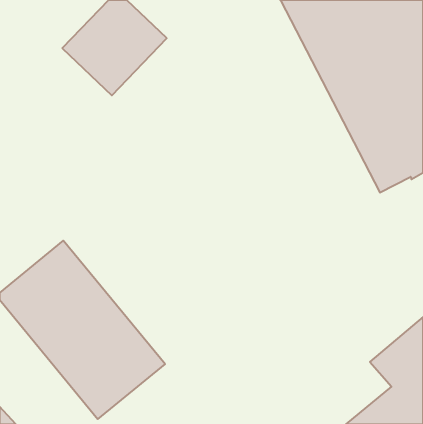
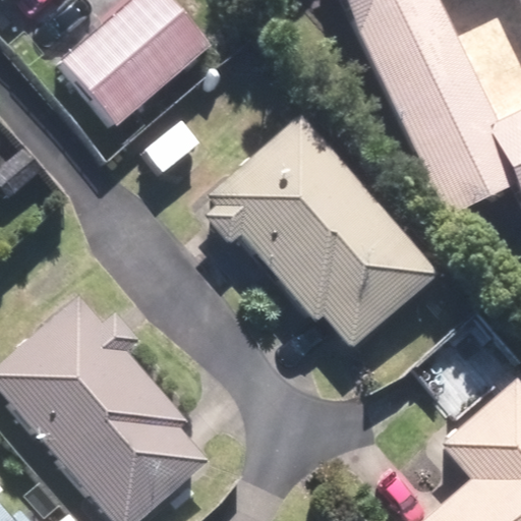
building: none -> [217,126,425,335]

